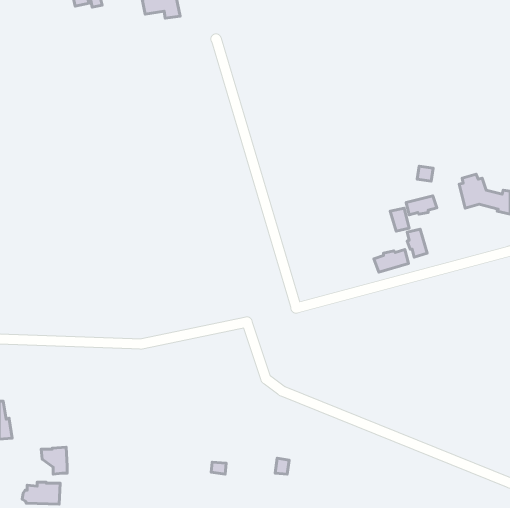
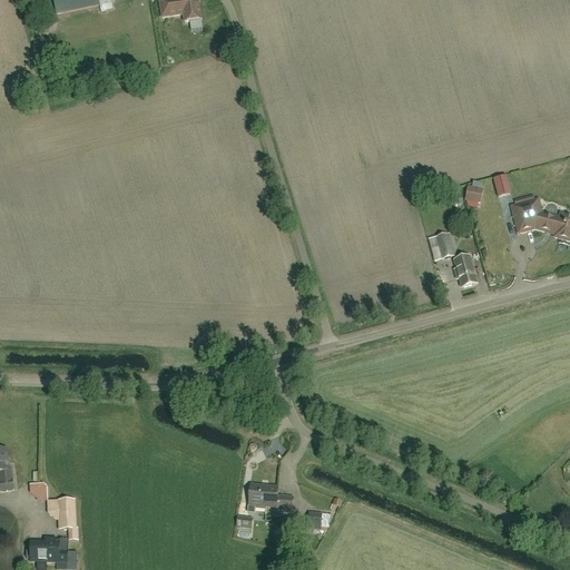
building: [406,196,437,215] -> none
building: [374,249,409,272] -> none
building: none -> [248,482,293,511]

